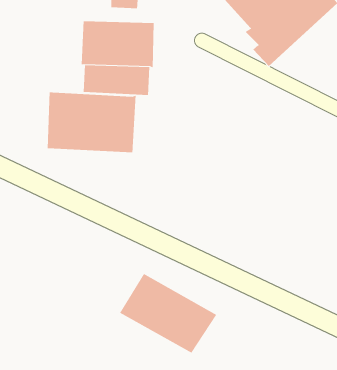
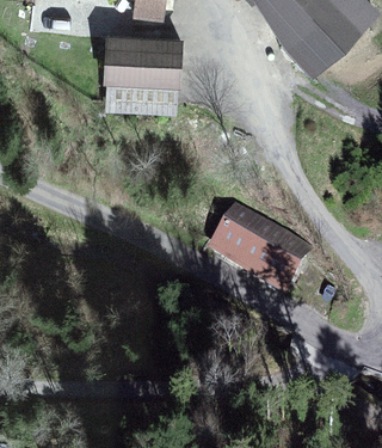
building: [47,92,136,153] -> none
building: [119,273,217,353] -> [208,213,314,300]

